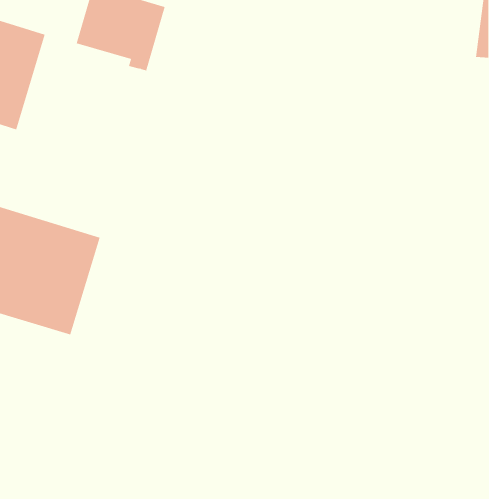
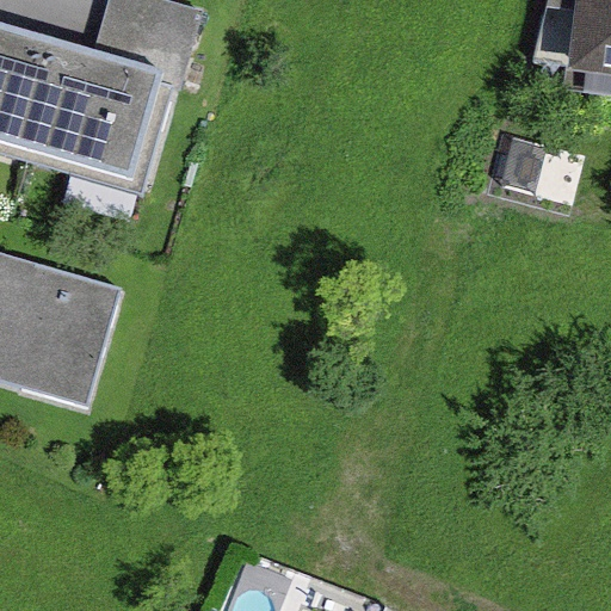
building: none -> [20,42,169,192]

